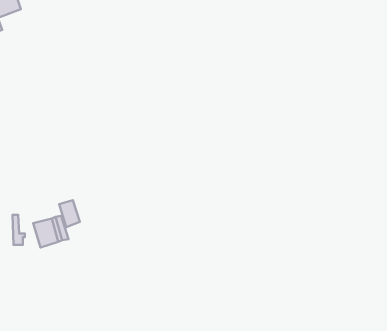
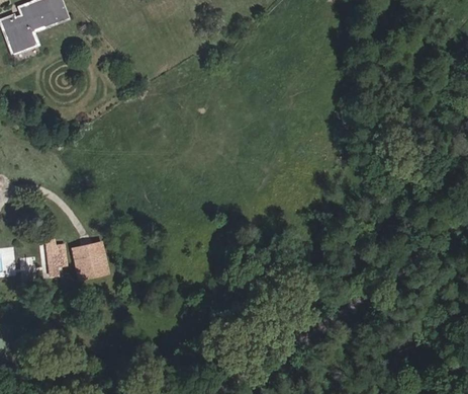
building: [59,200,80,227] -> none

